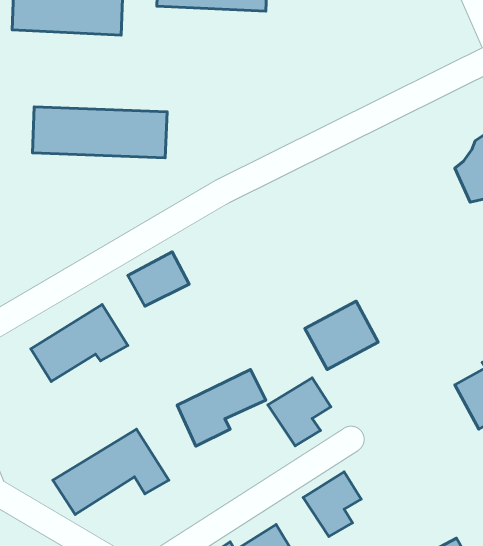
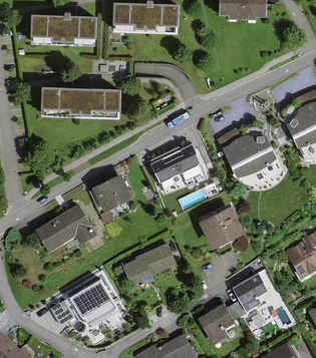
building: none -> [223,134,275,174]
building: none -> [150,143,206,194]
building: [268,378,331,446] -> [232,272,269,312]

